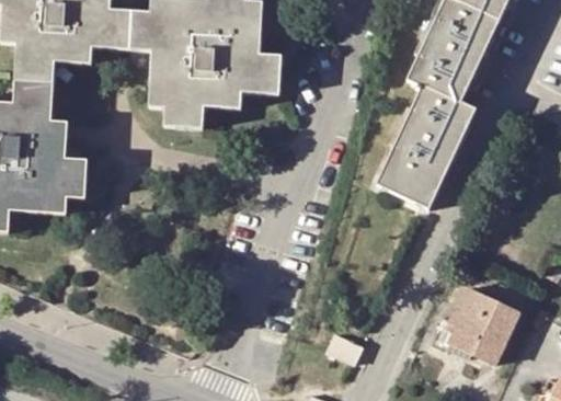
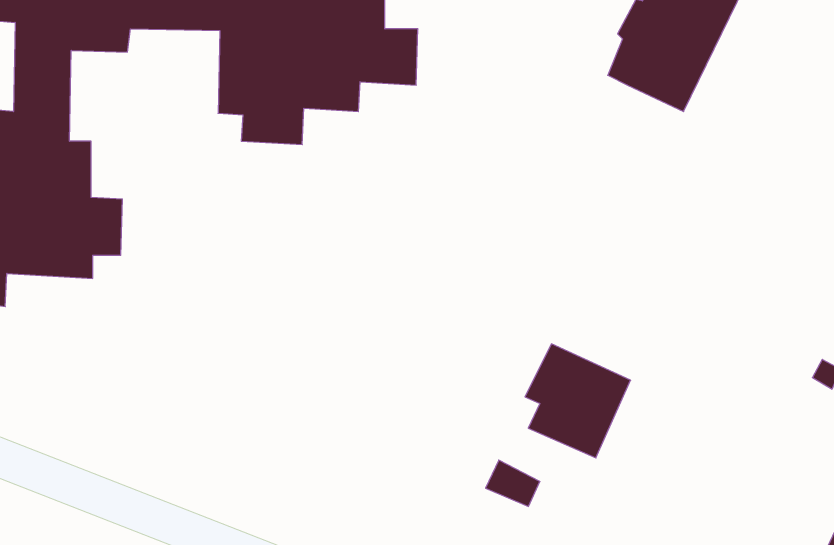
building: [377,85,474,209] -> none
building: [448,289,518,365] -> [525,344,631,458]

